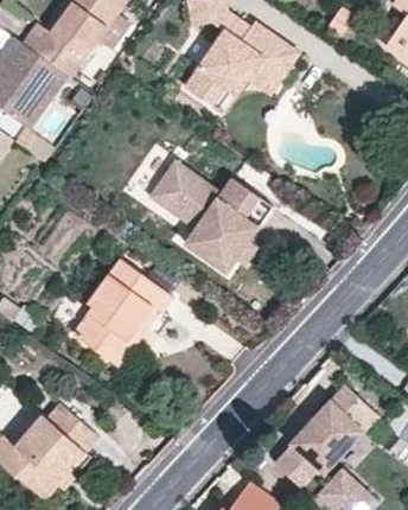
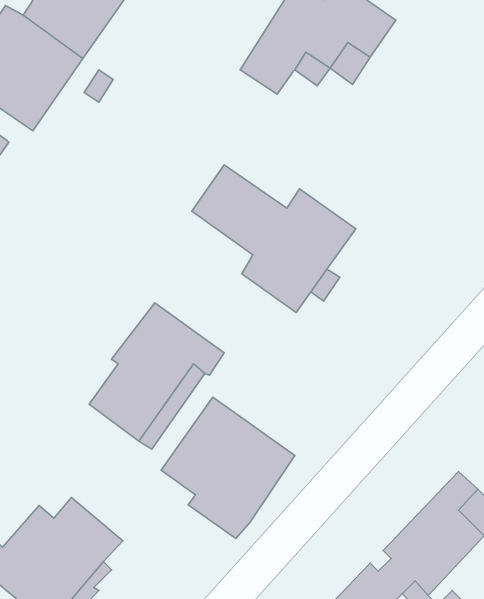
building: none -> [161,397,295,539]

